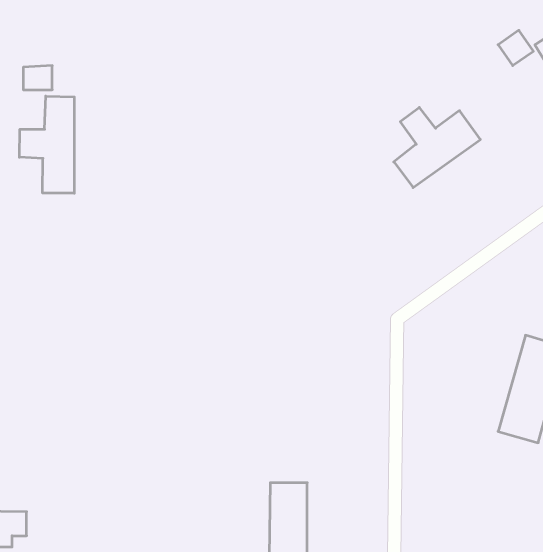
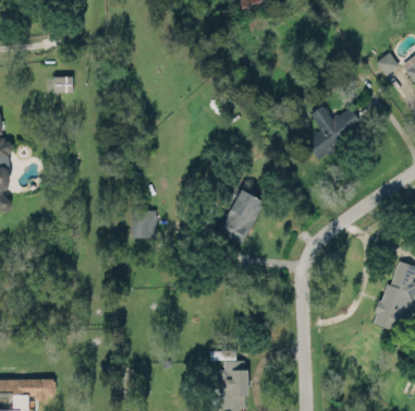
building: [19,96,74,193] -> none
building: none -> [219,189,263,243]
building: none -> [131,209,157,238]

